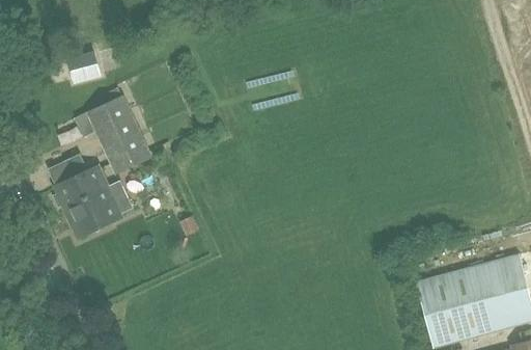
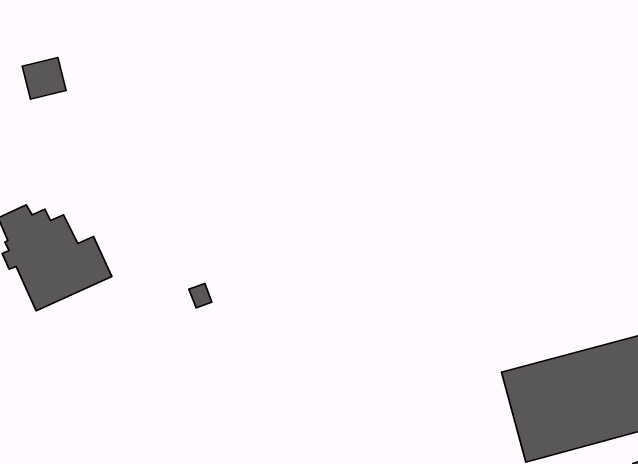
building: [77,93,153,174] -> none

